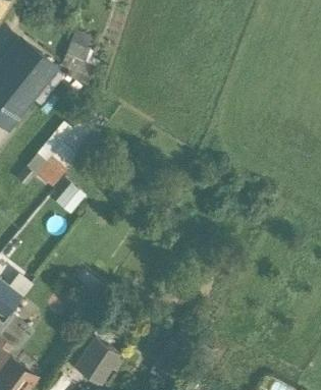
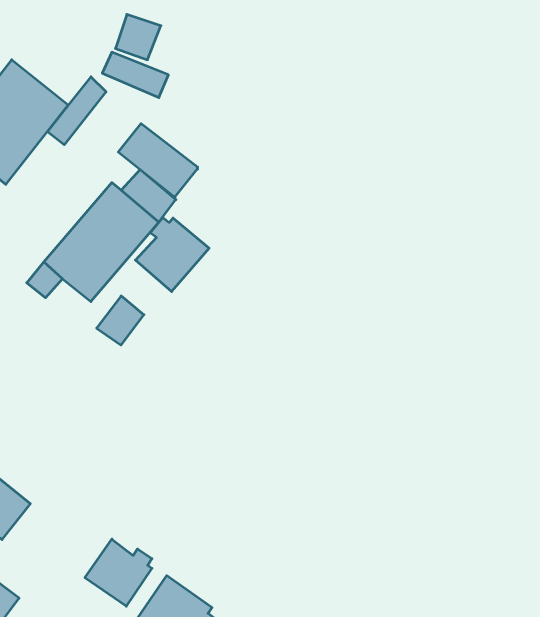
building: [10,44,53,83] -> [118,124,198,197]
building: none -> [135,217,209,292]
building: none -> [85,539,152,606]

